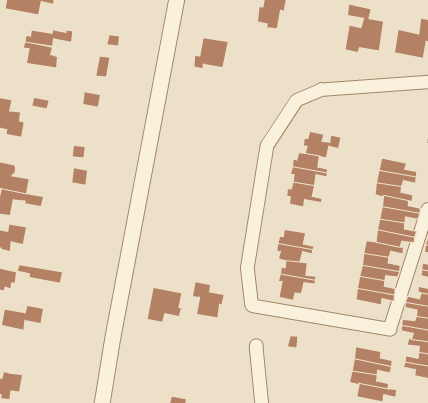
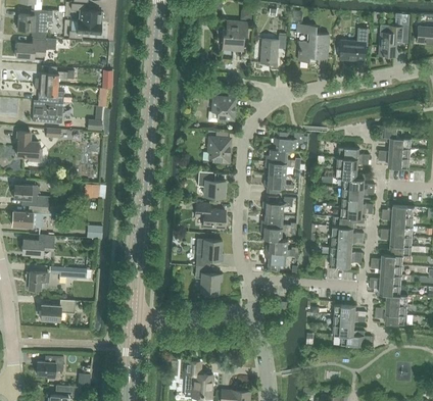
building: none -> [260,35,285,63]
building: [193,38,228,69] -> [208,96,235,121]
building: none -> [32,99,63,122]
building: none -> [203,137,230,161]
building: none -> [197,170,225,196]
building: none -> [195,201,225,227]
building: none -> [262,195,293,214]
building: [147,287,182,322] -> [196,238,224,265]

